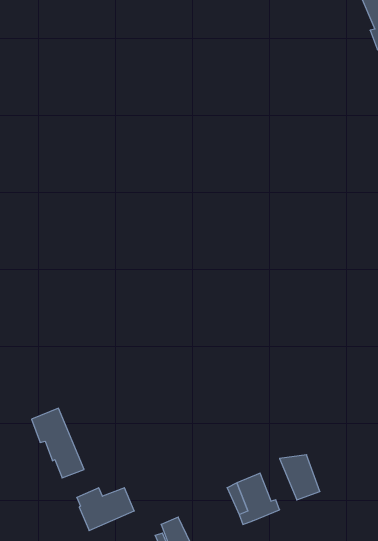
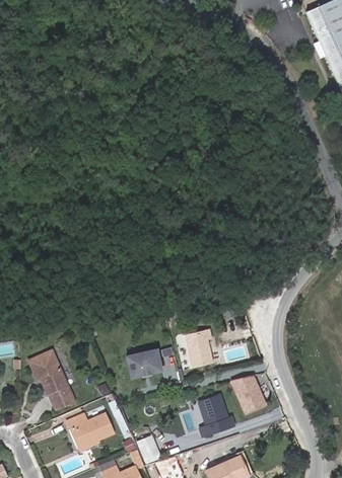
building: none -> [190,333,215,370]
building: none -> [130,352,164,380]

